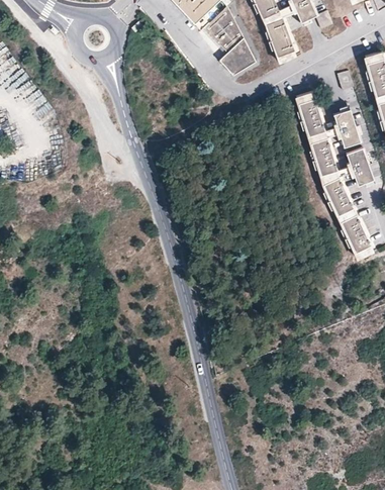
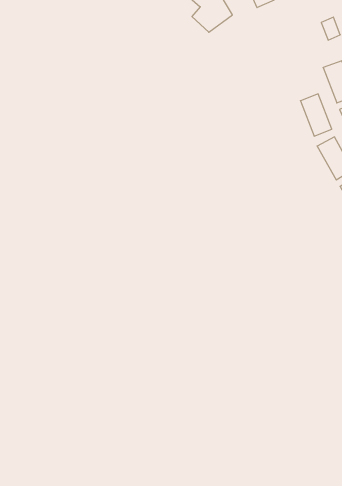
building: [296,91,325,135] -> none

